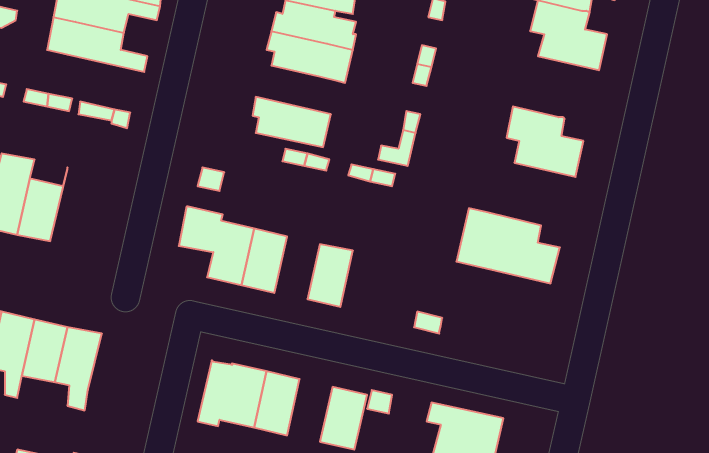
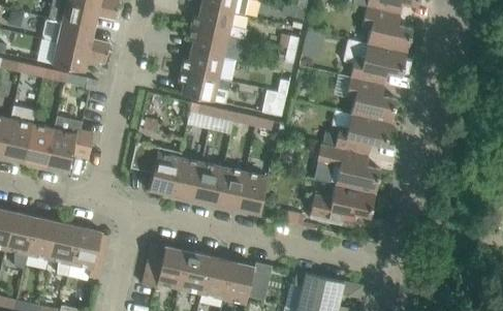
building: none -> [342,39,411,85]
building: none -> [51,42,106,71]
building: none -> [180,50,234,82]
building: none -> [334,114,390,155]
building: none -> [44,118,93,170]
building: none -> [192,162,222,204]
building: none -> [235,172,266,214]
building: none -> [309,184,374,227]
building: none -> [69,226,108,279]
building: none -> [200,256,230,298]

